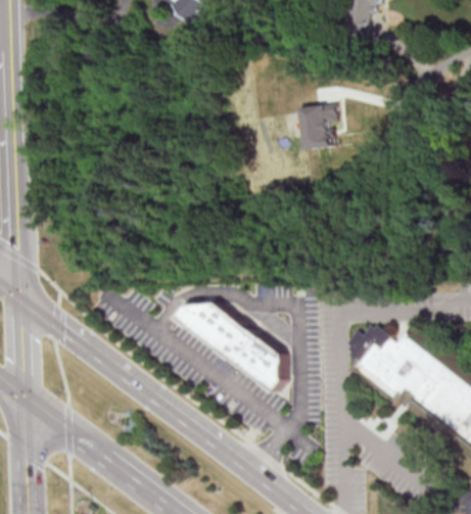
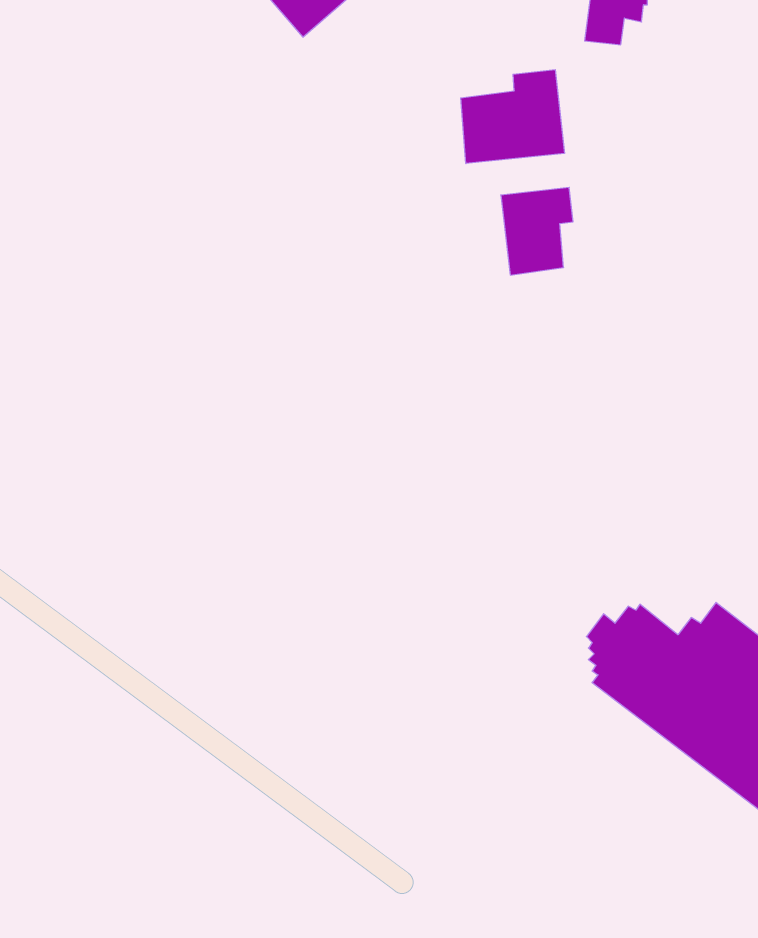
building: none -> [461,70,564,164]
building: [177,305,283,402] -> none

